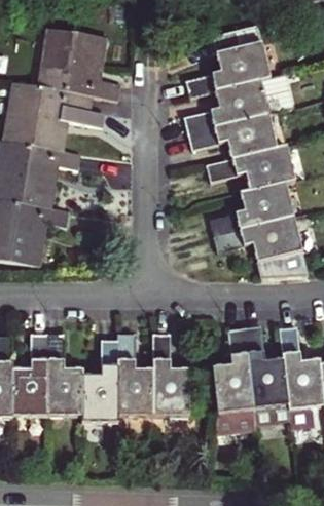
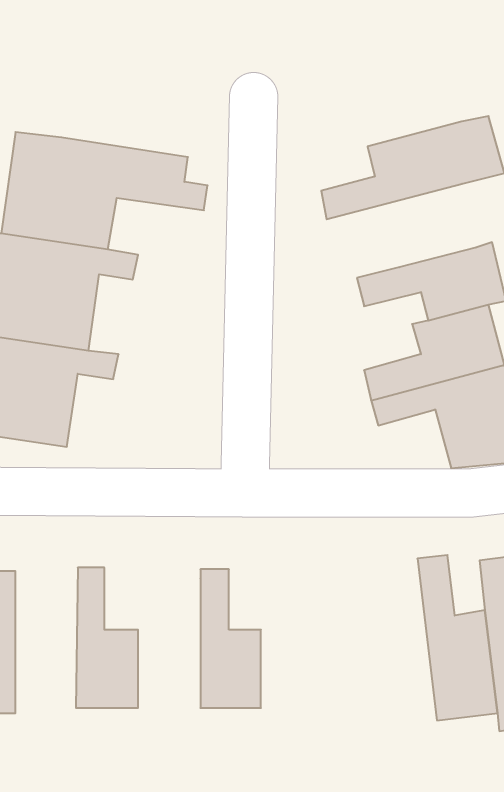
building: [186,27,269,96] -> none
building: [38,28,121,98] -> none
building: [191,112,278,160] -> none
building: [213,328,256,431] -> none
building: [11,334,47,415] -> none
building: [153,334,188,416] -> none
building: [82,340,118,421] -> none

